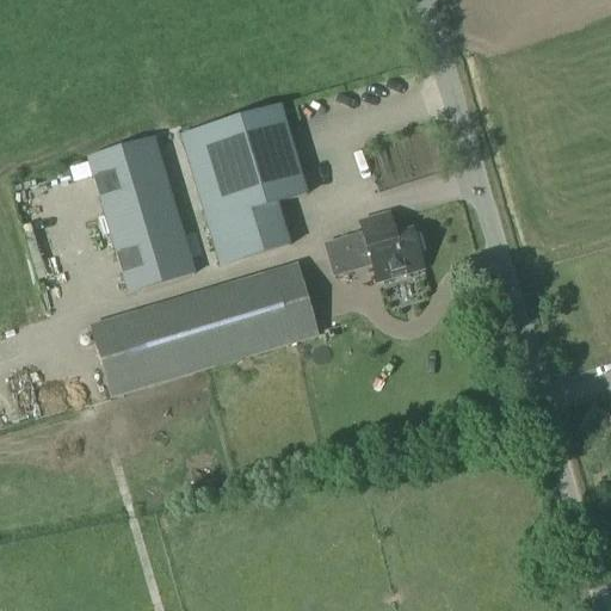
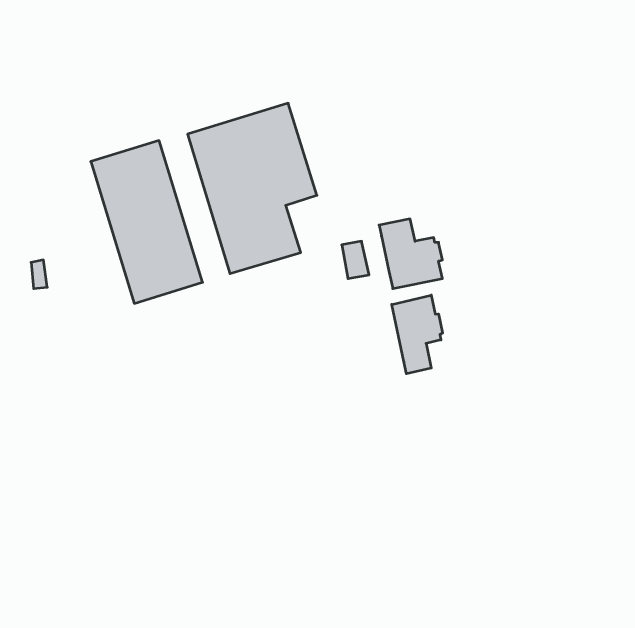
building: [91,261,320,395] -> none
building: none -> [392,295,443,374]

